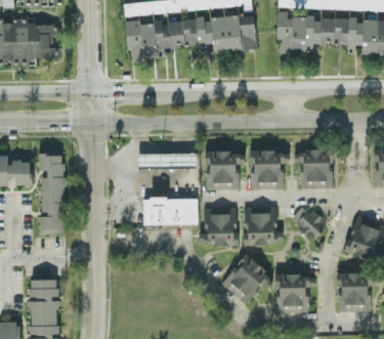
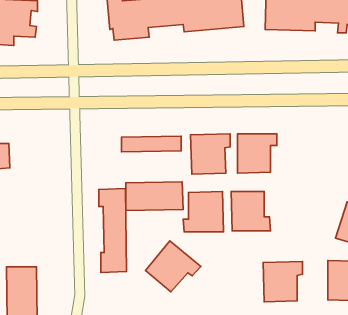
building: [294,150,333,188] -> none
building: [38,154,65,235] -> [99,189,127,273]
building: [293,207,326,240] -> none
building: [221,255,274,304] -> [145,241,201,292]

